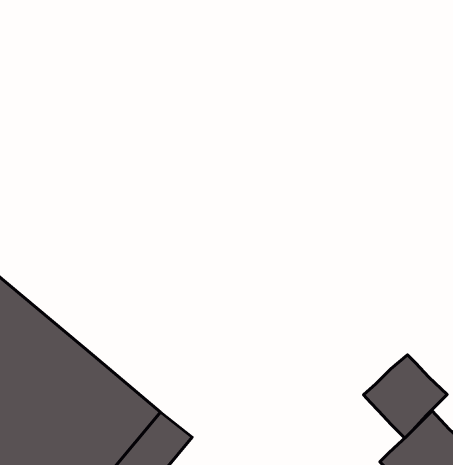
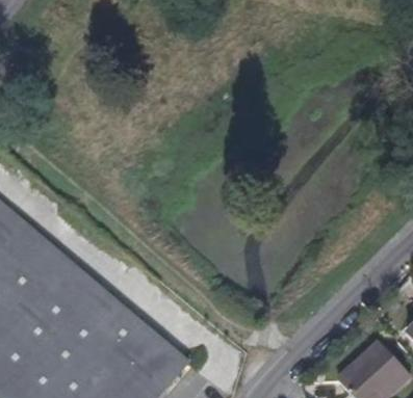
building: [364,355,447,438] -> none

